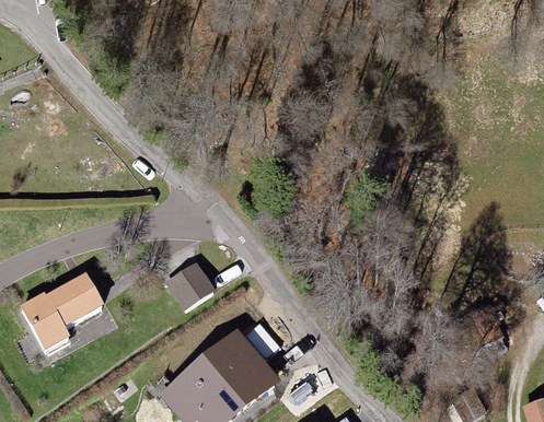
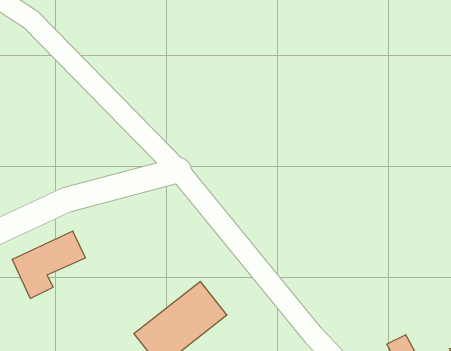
building: [171,259,217,305] -> none

